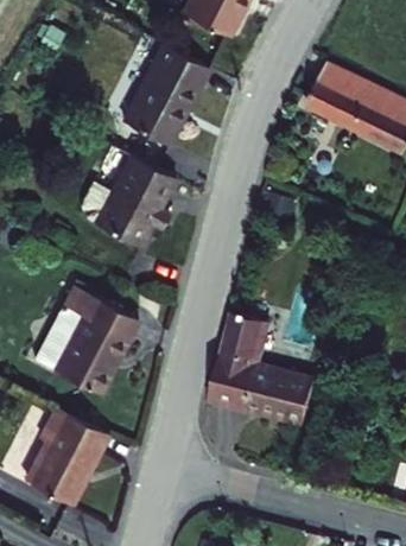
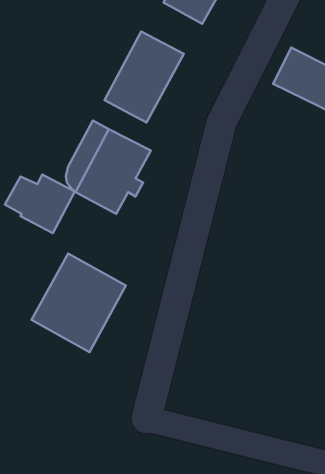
building: none -> [5,174,75,233]
building: [209,309,307,423] -> none
building: [27,413,115,510] -> none

